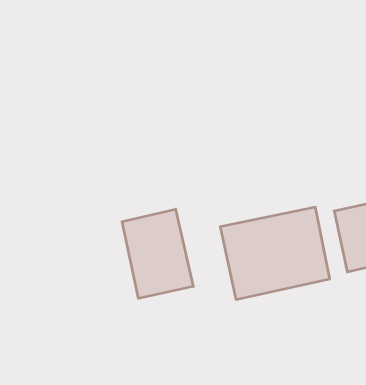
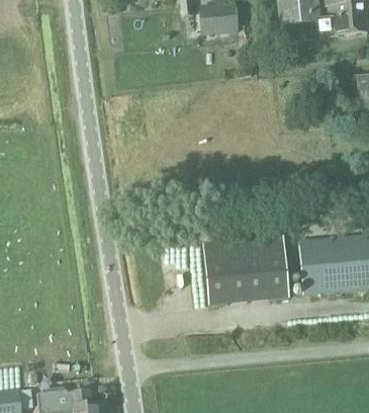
building: [122,209,193,298] -> none

